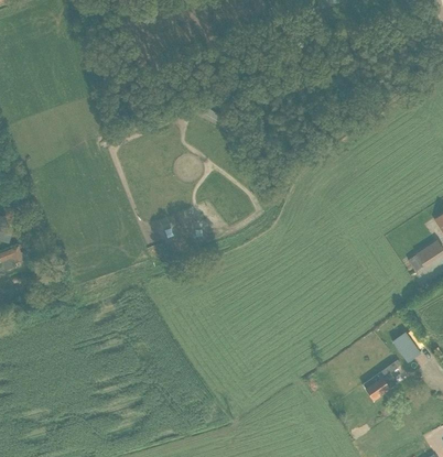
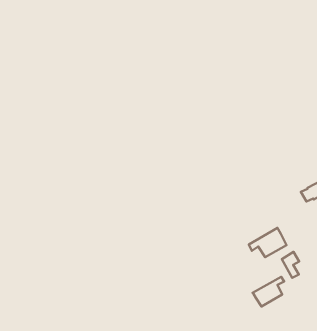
building: none -> [249,228,286,257]

